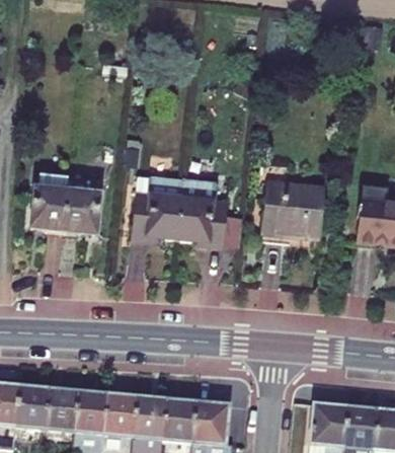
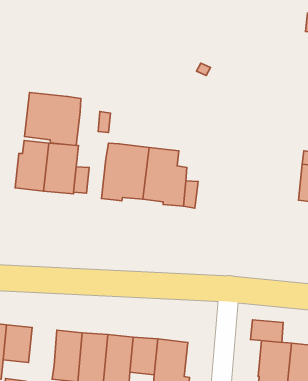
building: none -> [25,92,81,145]
building: [261,180,325,238] -> none
building: none -> [250,320,283,342]
building: [45,388,77,432] -> none

